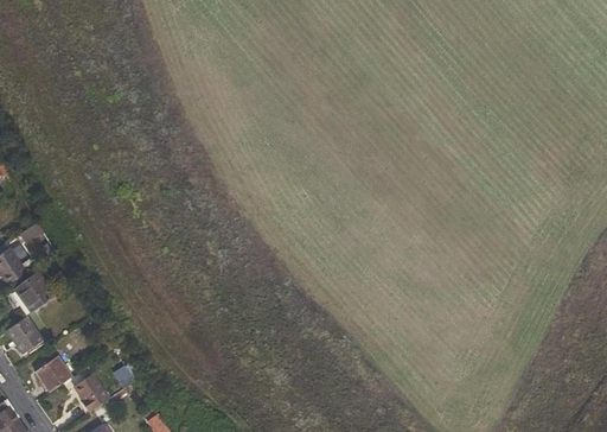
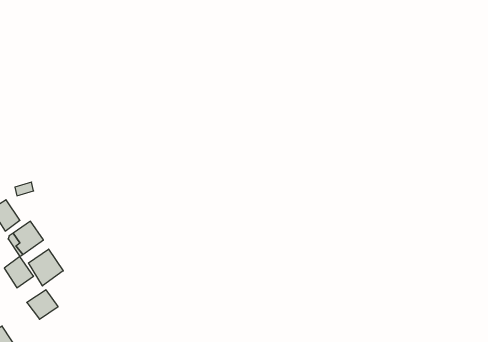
building: none -> [28,249,63,286]
building: [72,373,109,413] -> none

